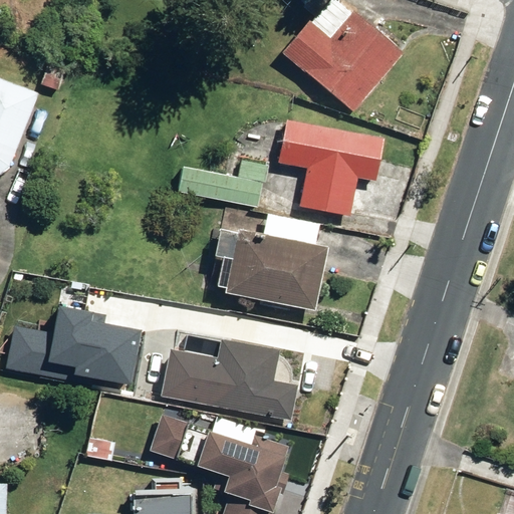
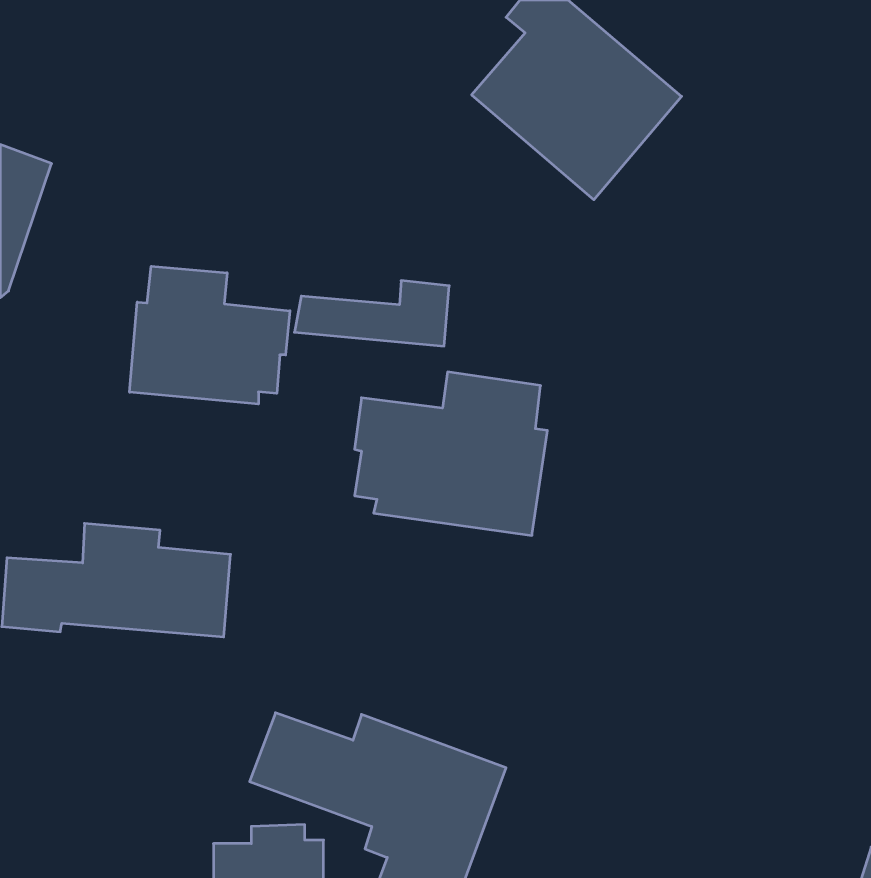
building: [279,122,387,219] -> none
building: none -> [130,266,290,404]
building: [154,329,300,413] -> none

